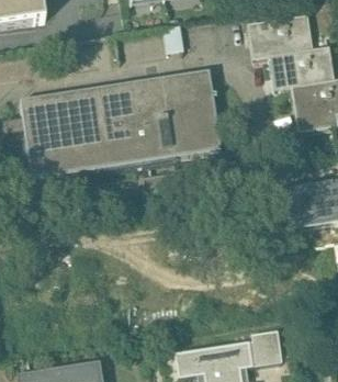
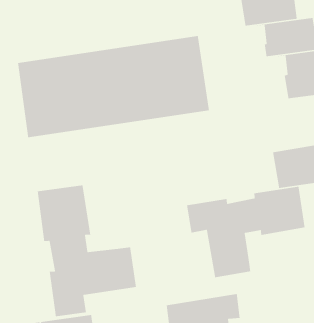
building: none -> [37,185,137,317]
building: none -> [186,186,306,278]
building: [249,334,283,364] -> none

